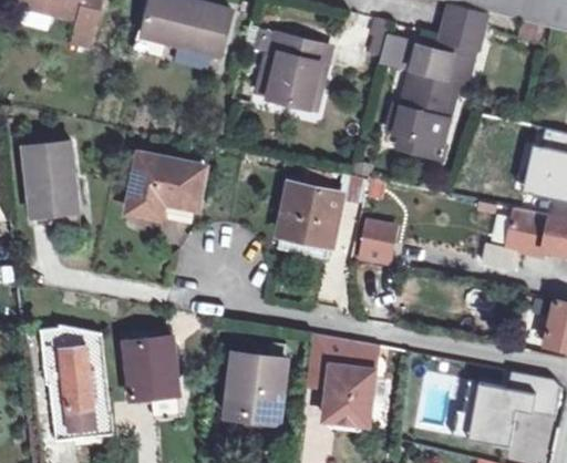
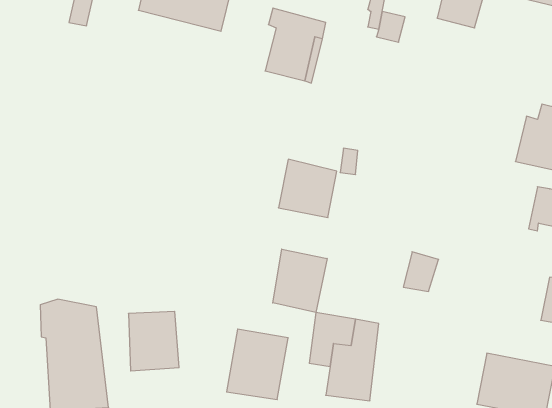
building: [395,43,470,144] -> none
building: [21,140,76,215] -> none
building: [125,153,200,217] -> none
building: [503,206,540,254] -> none
building: [364,226,400,266] -> [403,252,439,291]
building: none -> [273,249,327,312]

